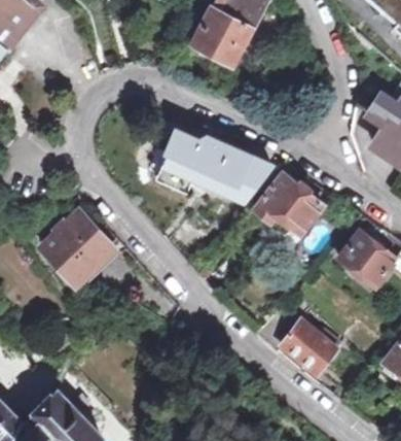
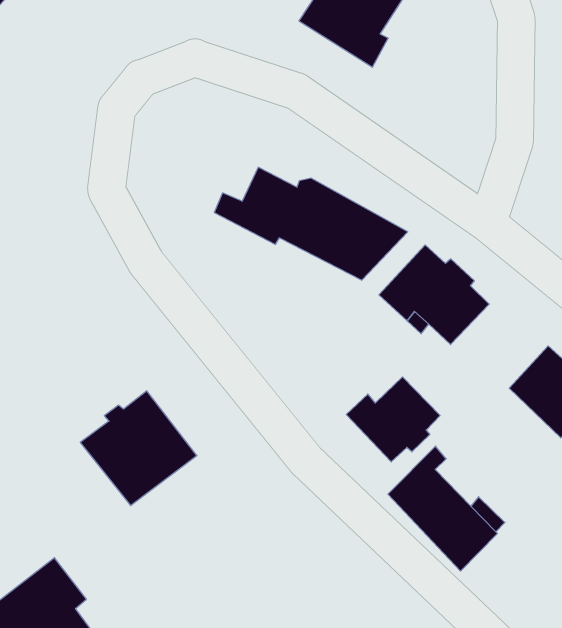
building: [43,213,115,284] -> [80,391,197,506]
building: none -> [346,377,440,462]

